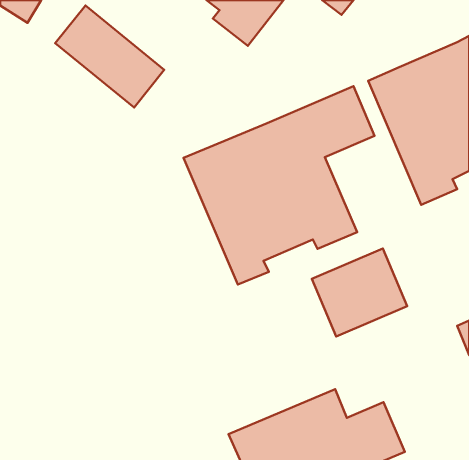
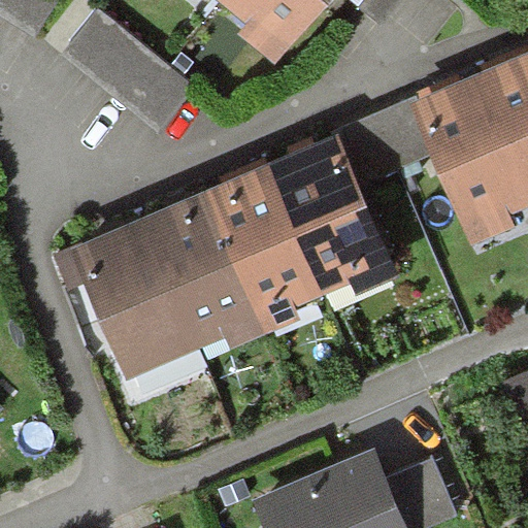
building: none -> [75,188,267,371]
building: [312,249,407,337] -> none

